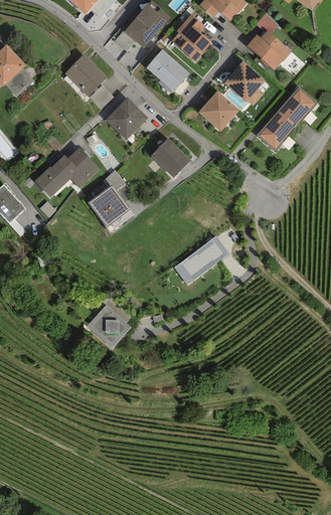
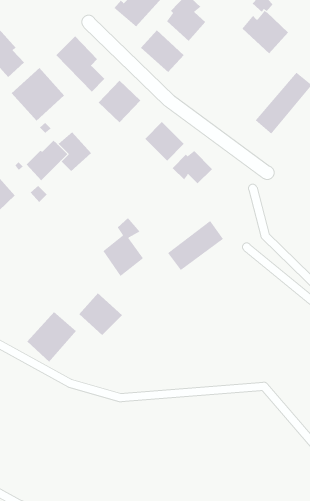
building: [223,61,264,105] -> none
building: none -> [11,67,65,121]
building: [198,90,239,130] -> none
building: none -> [172,150,213,184]
building: [89,169,129,227] -> [102,217,144,277]
building: none -> [26,311,77,362]

